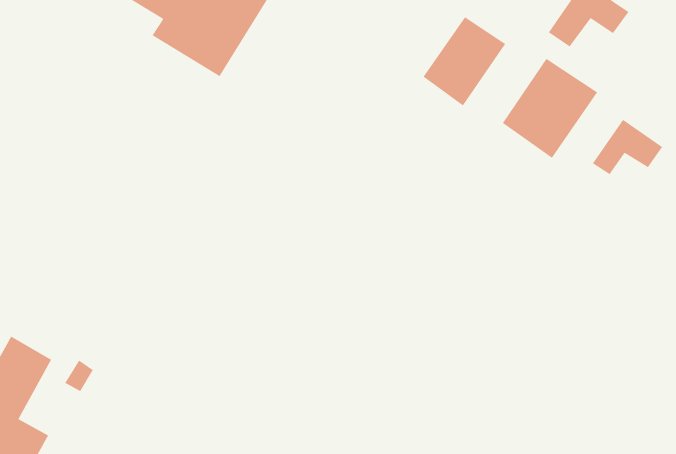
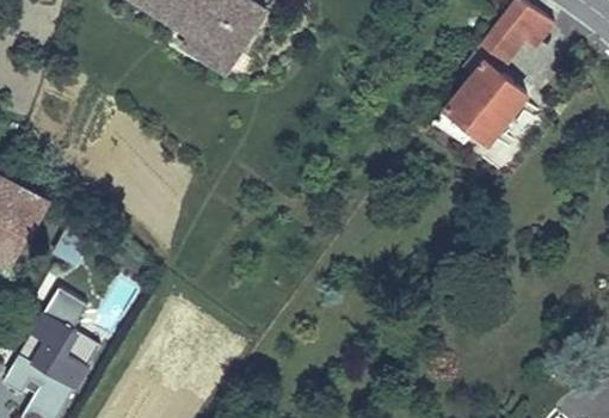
building: [423,16,506,106] -> none
building: [592,119,663,175] -> none

